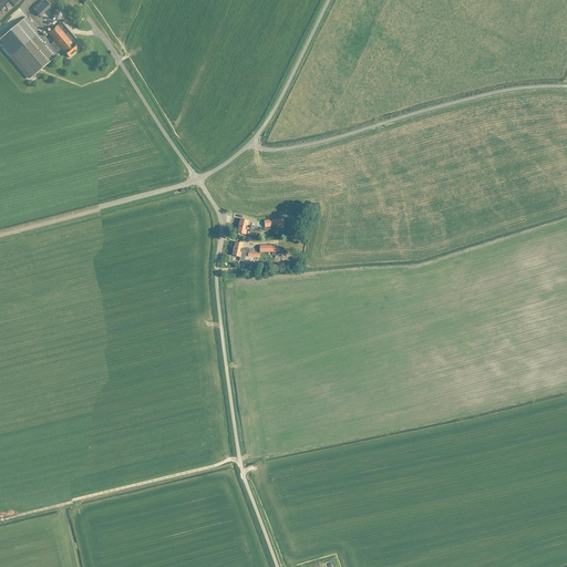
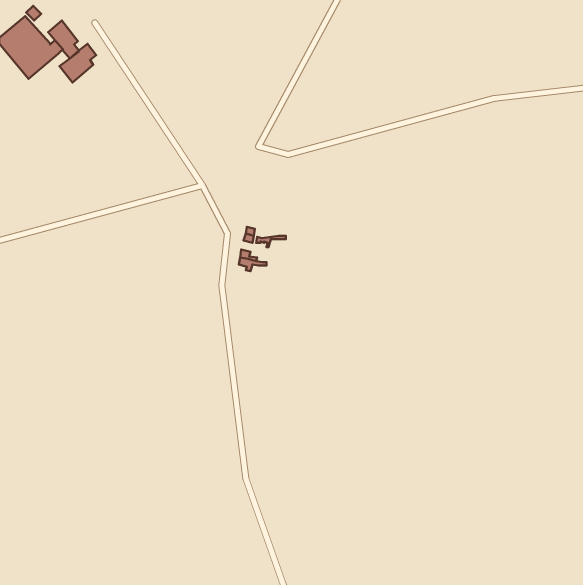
building: none -> [60,44,96,82]

